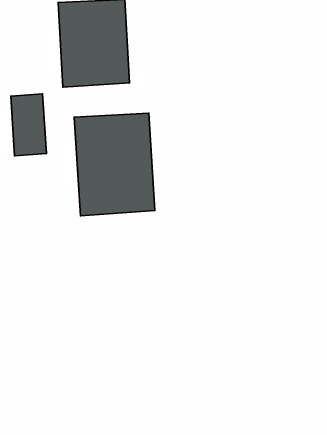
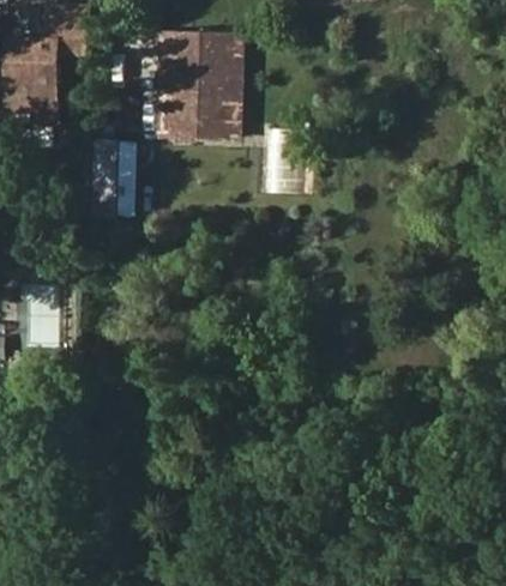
building: [74,113,155,216] -> none

